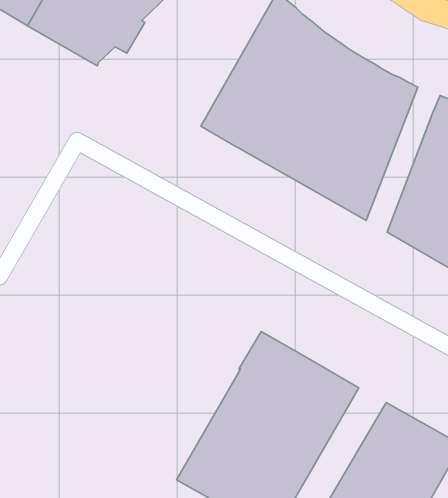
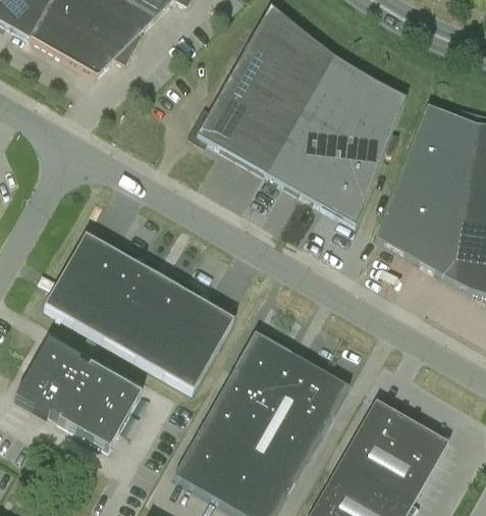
building: none -> [44,234,233,390]
building: none -> [15,339,141,449]

